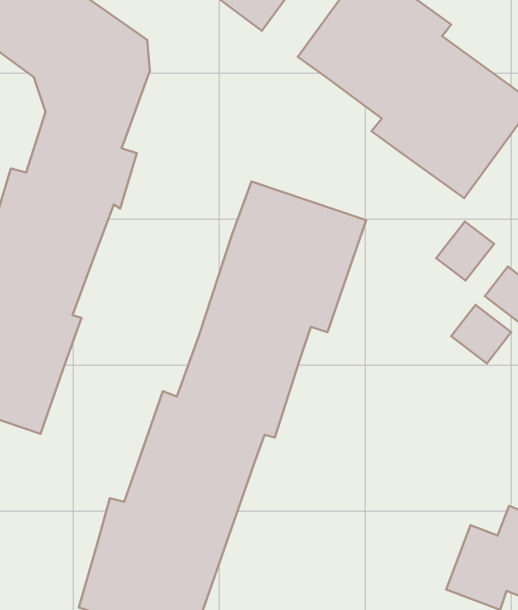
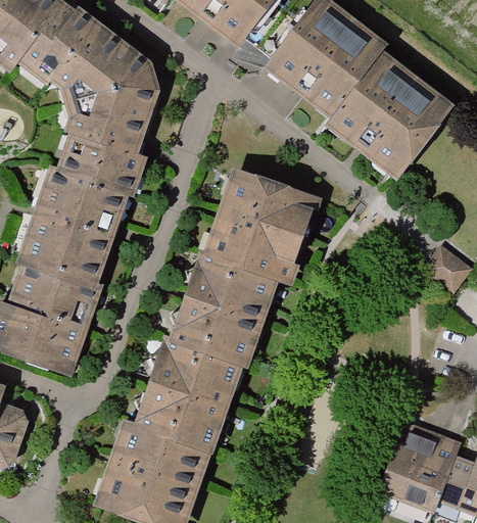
building: [436,221,494,281] -> none
building: [451,305,511,364] -> none

